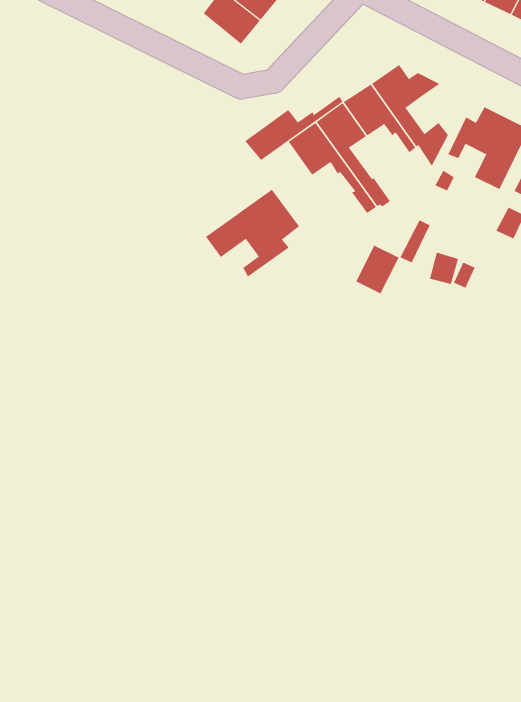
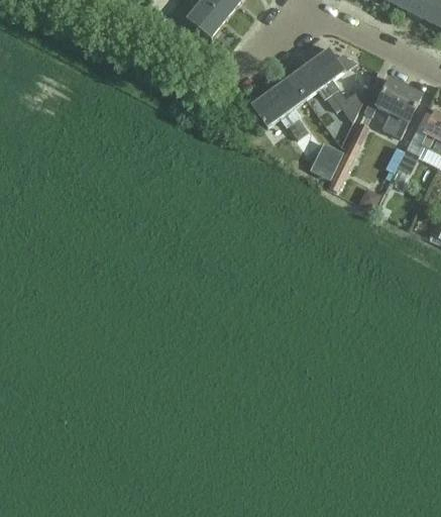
building: [244,96,343,161] -> none
building: [205,189,300,277] -> none
building: [356,245,399,294] -> [312,143,343,179]

